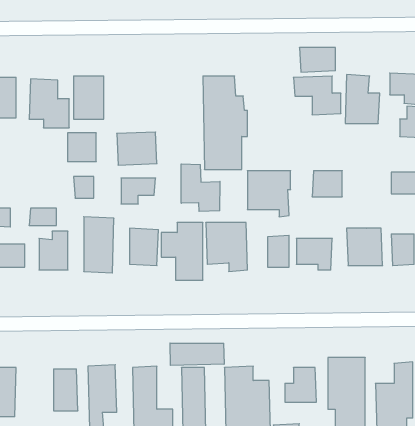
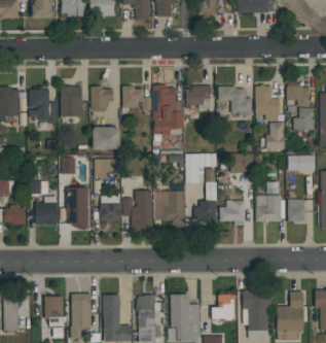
building: [299,48,335,72] -> [185,85,211,103]
building: none -> [122,87,152,108]
building: none -> [267,122,285,149]
building: [68,133,96,162] -> [90,87,111,107]
building: [181,164,220,211] -> none
building: [170,343,224,365] -> none

